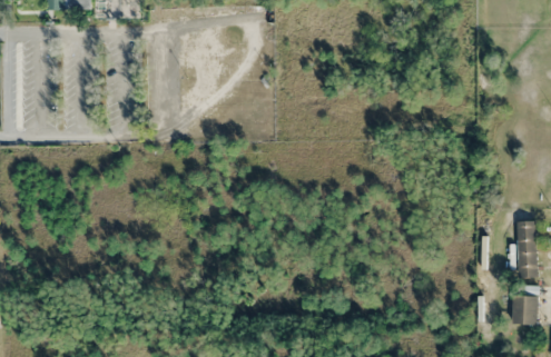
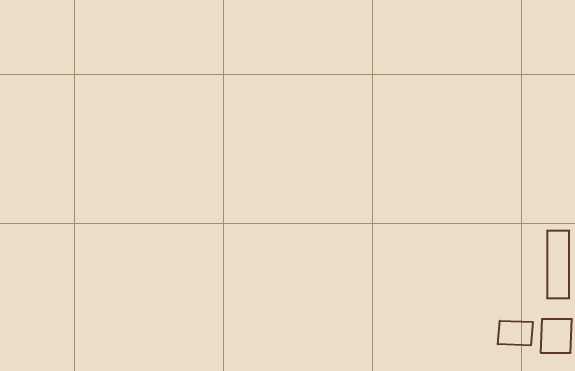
building: none -> [498,321,533,345]

